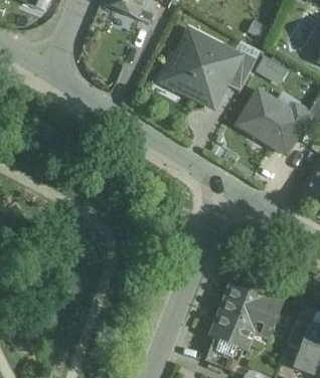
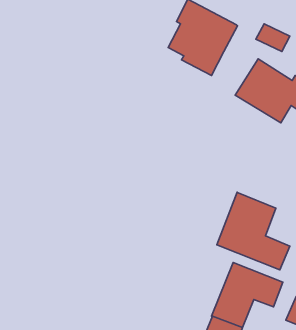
building: [224,48,256,88] -> none
building: none -> [217,192,290,270]

